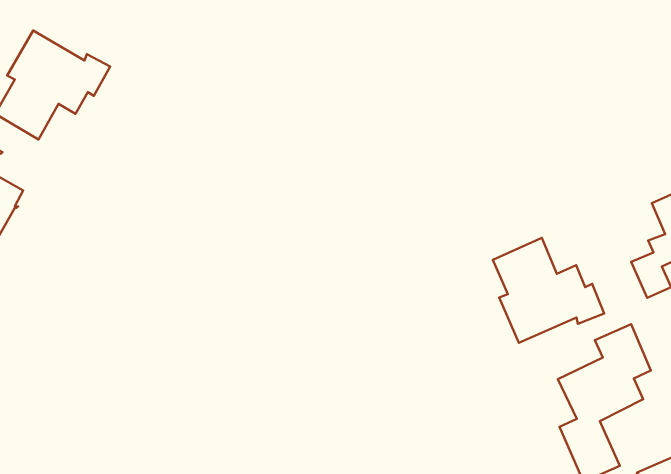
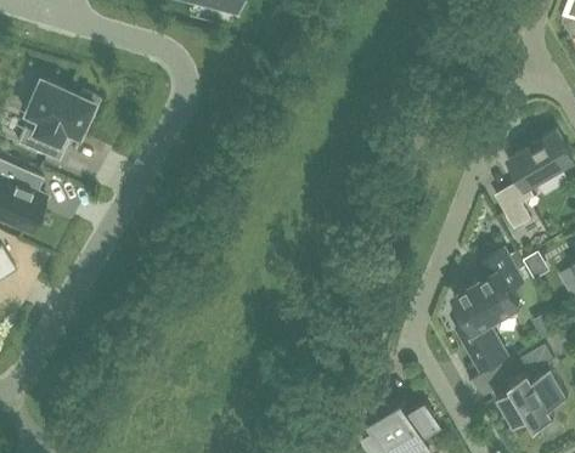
building: [493,238,604,343] -> none

